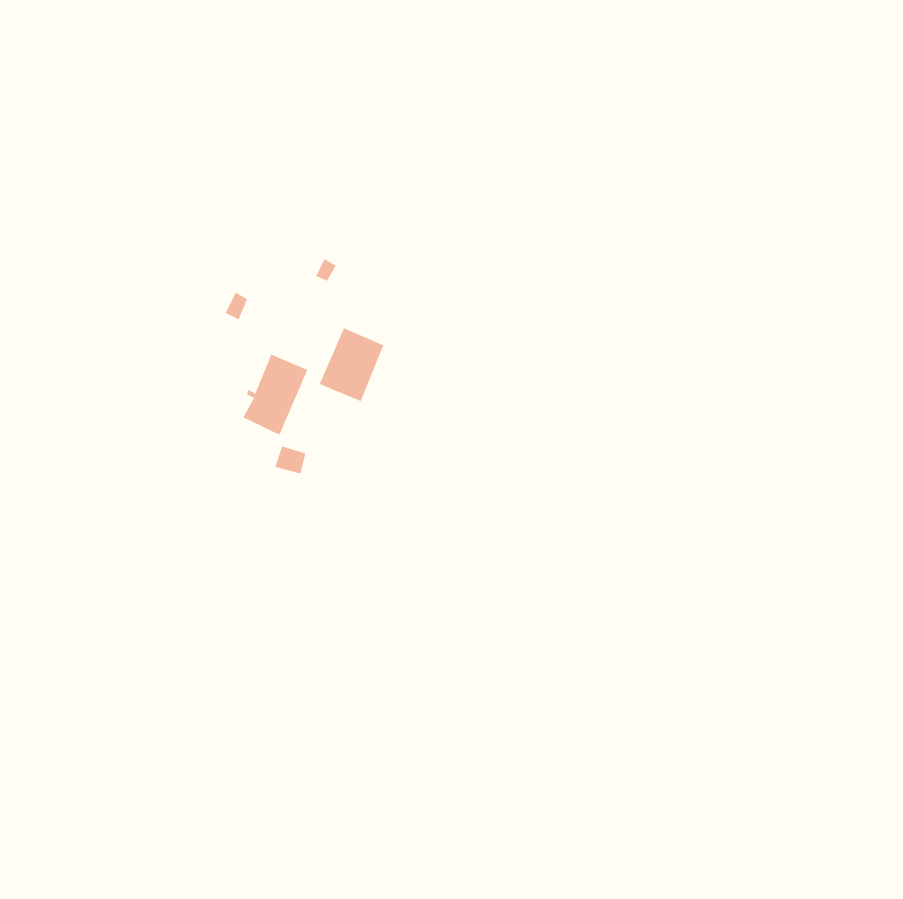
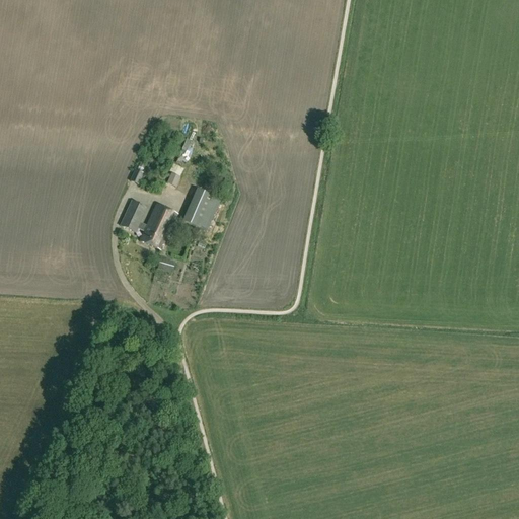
building: none -> [121,200,145,231]

